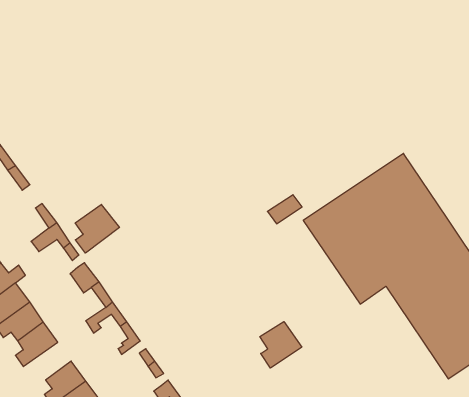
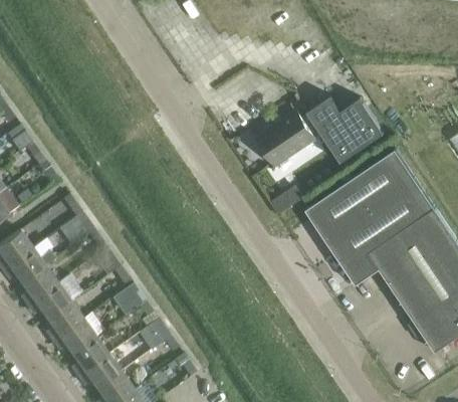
building: none -> [255,97,384,167]
building: [75,204,119,253] -> none
building: [260,322,302,368] -> none
building: none -> [52,320,95,354]

